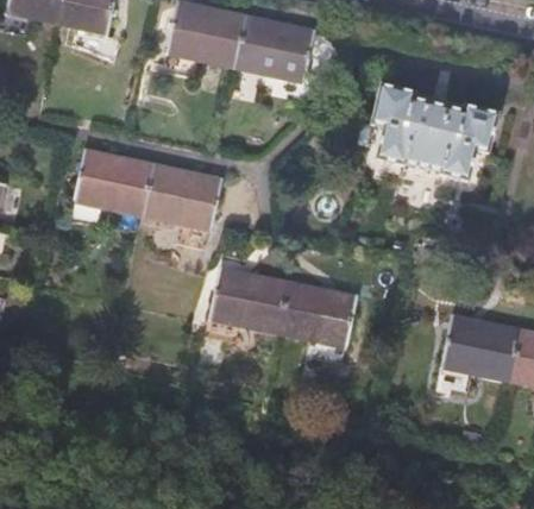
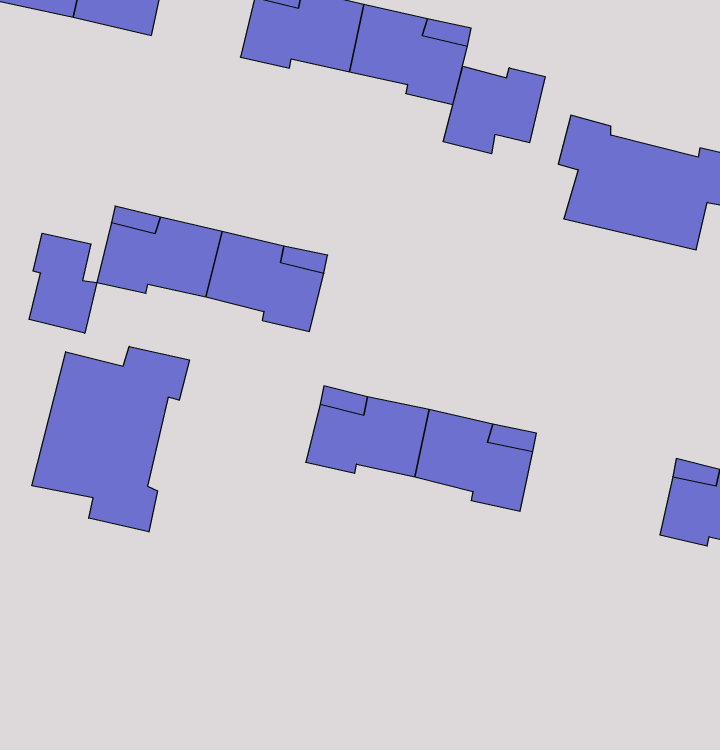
building: none -> [443,66,545,154]
building: none -> [29,233,97,333]
building: none -> [32,346,189,532]

